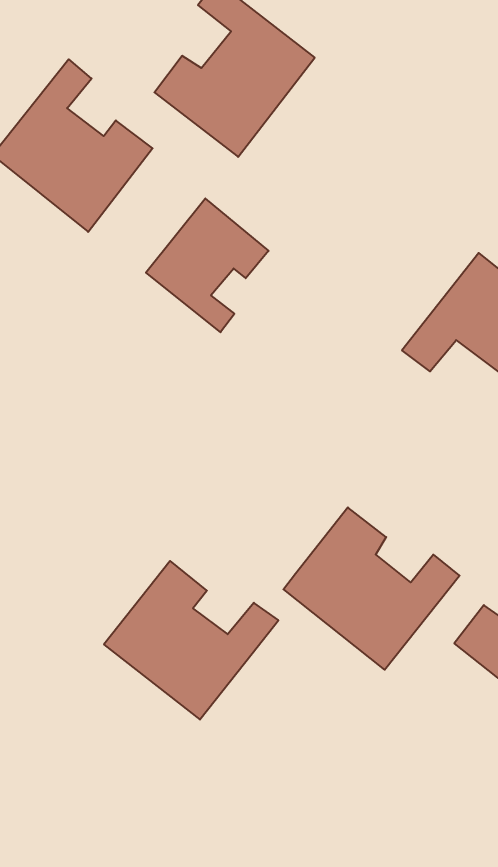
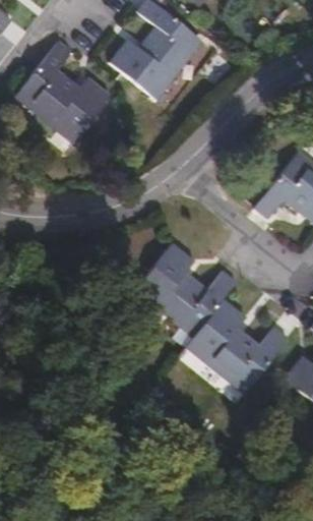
building: [146,198,269,332] -> none
building: [104,561,278,720] -> [136,247,238,340]

